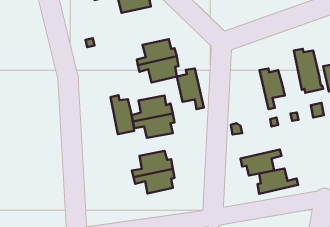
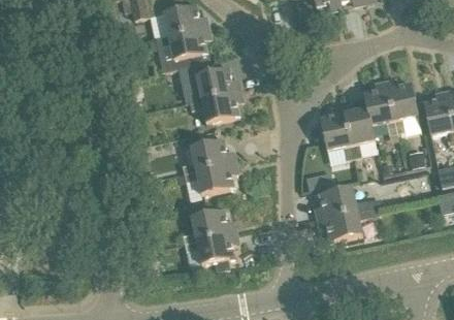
building: none -> [156,27,208,71]
building: none -> [363,83,396,133]
building: [177,68,204,109] -> [320,107,354,159]
building: [110,95,134,134] -> none
building: [257,169,298,194] -> [317,187,368,219]

